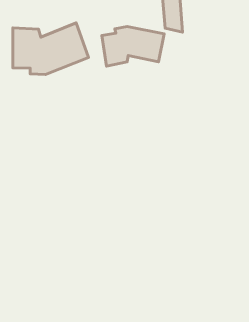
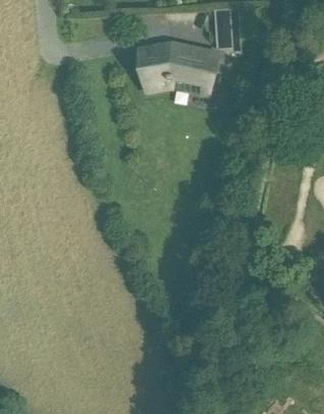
building: [13,23,89,74] -> none

